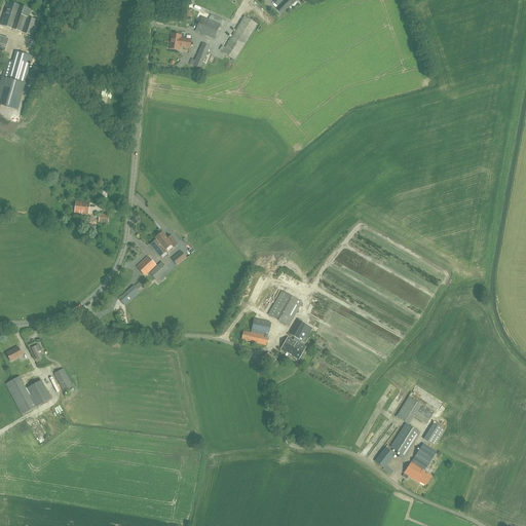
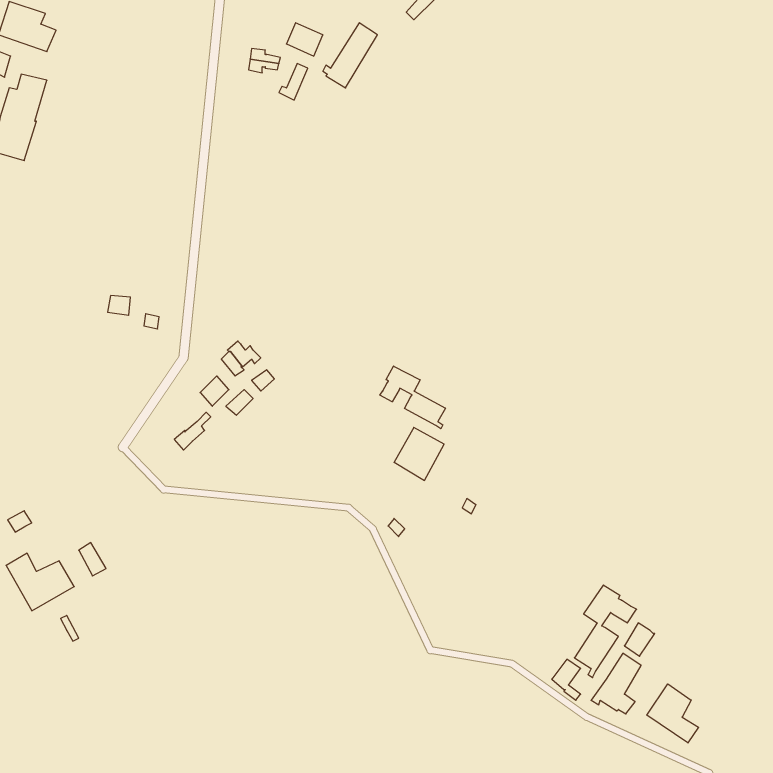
building: none -> [380,366,445,429]
building: [240,318,270,344] -> none
building: [279,318,309,359] -> none
building: none -> [647,684,699,743]

